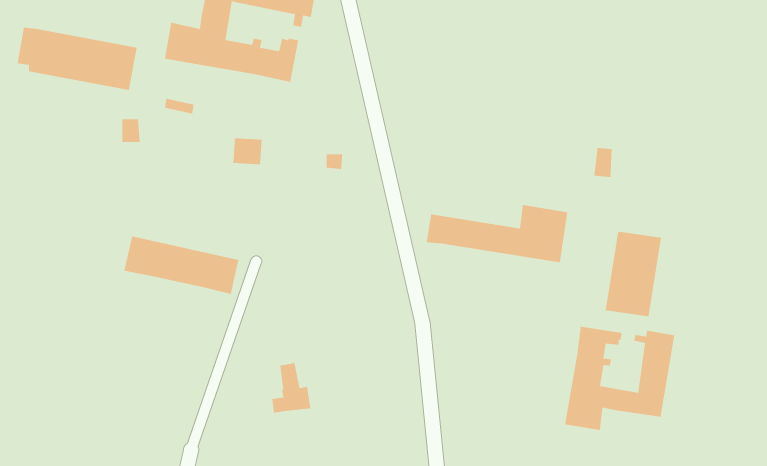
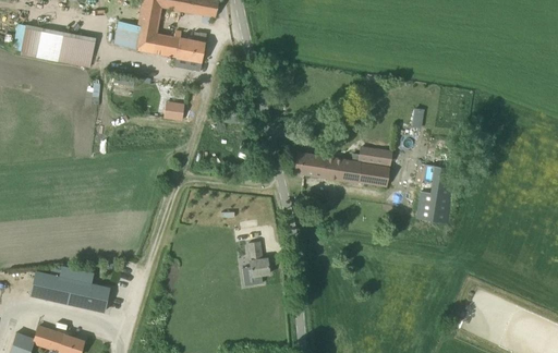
building: [124,236,239,295] -> [31,271,110,312]
building: [565,325,675,431] -> none
building: [272,362,311,413] -> [243,242,270,277]

